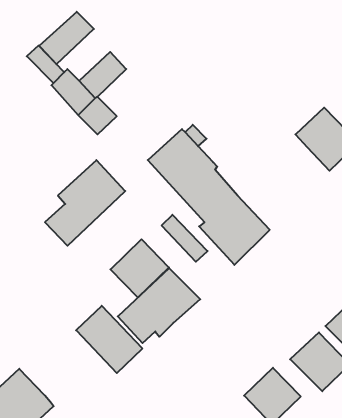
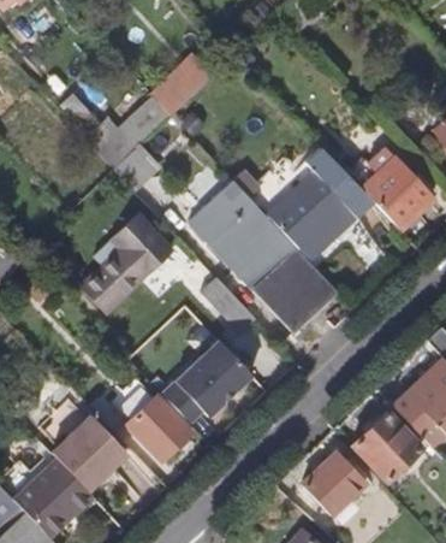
building: [39,12,94,64] -> [150,58,212,117]
building: none -> [267,149,373,265]
building: [110,239,169,298] -> none
building: none -> [48,415,125,491]

